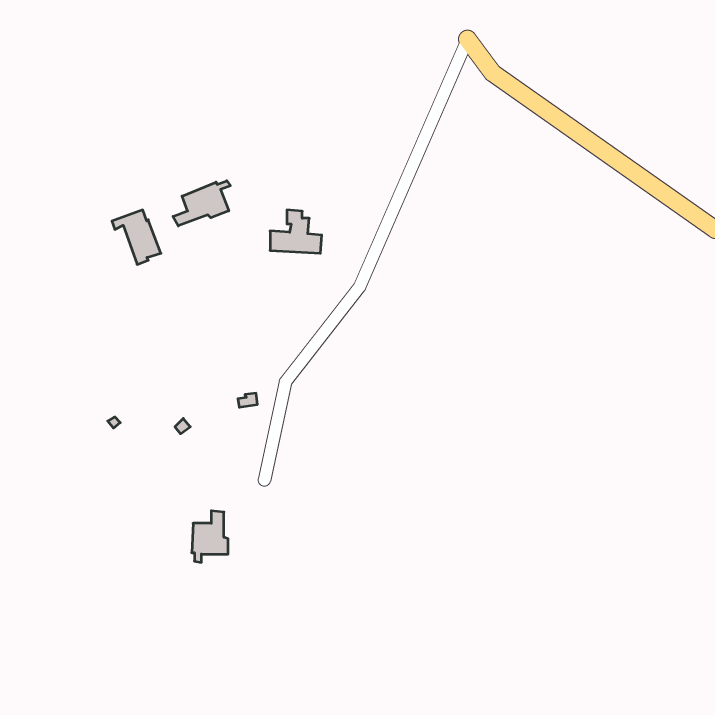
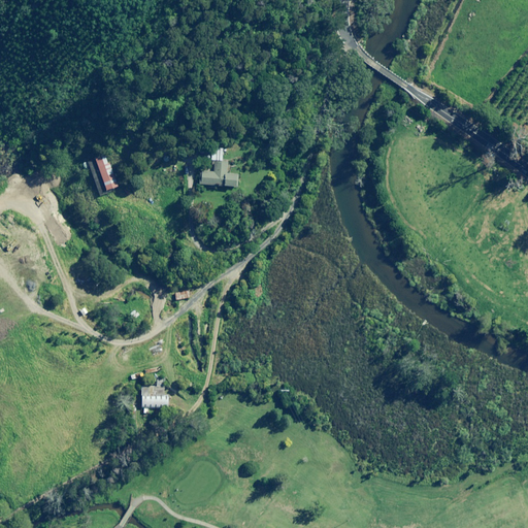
building: [173,181,230,226] -> none

